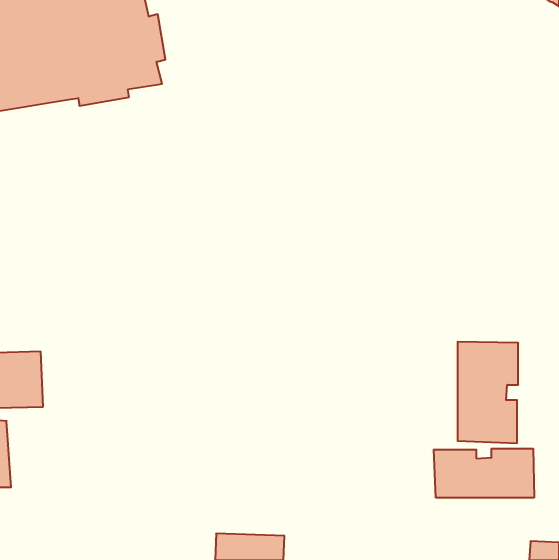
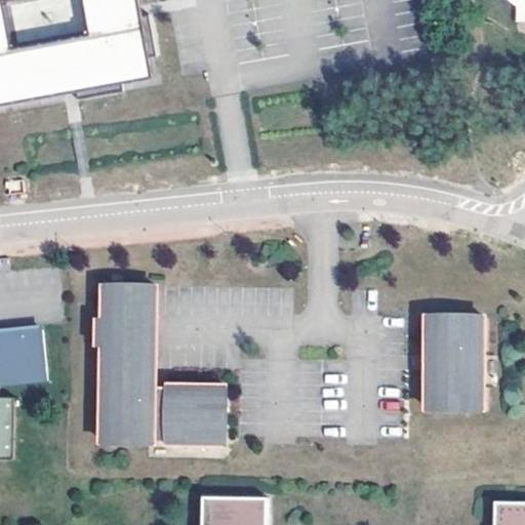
building: none -> [97,284,224,443]
building: [434,449,534,498] -> none

